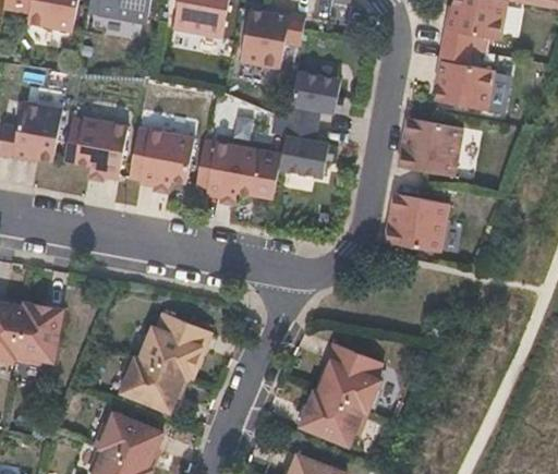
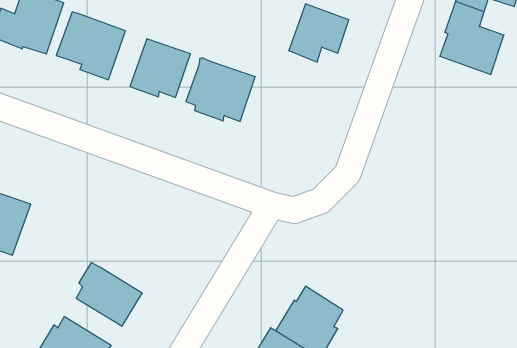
building: [398,118,462,177] -> none
building: [279,120,329,178] -> none
building: [384,193,448,253] -> none
building: [140,313,206,380] -> none

